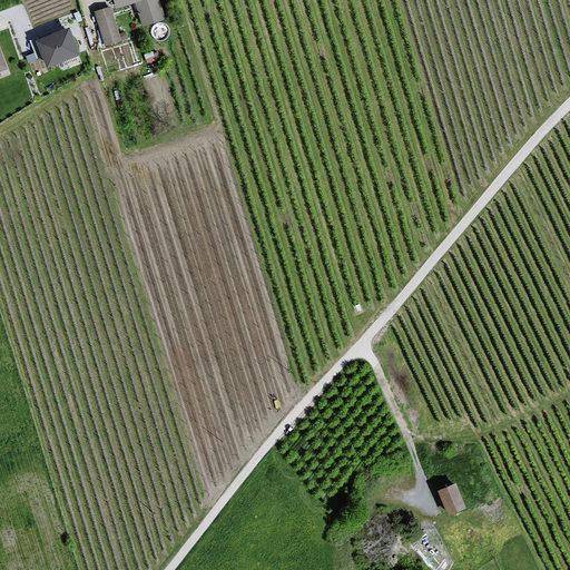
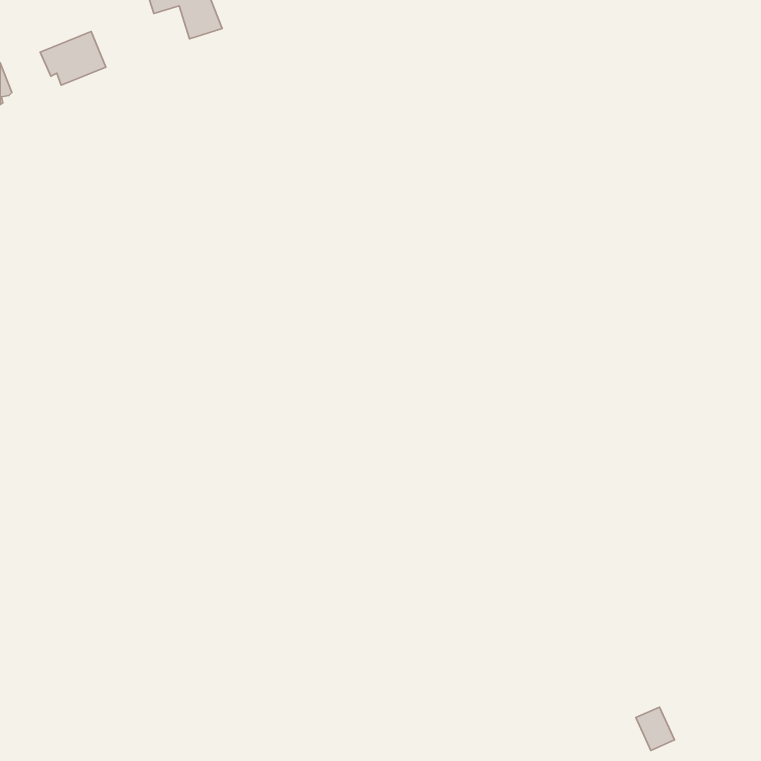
building: [95,9,121,47] -> none
building: [438,484,466,517] -> [636,707,675,750]

